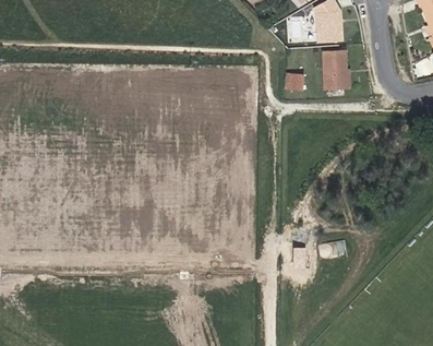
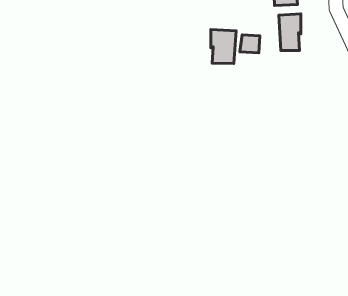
building: none -> [211,29,236,64]

